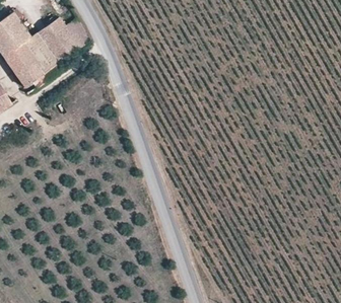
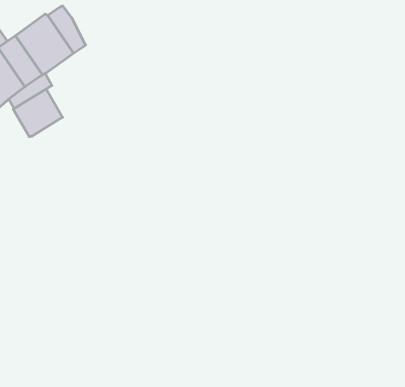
building: none -> [13,89,63,137]

